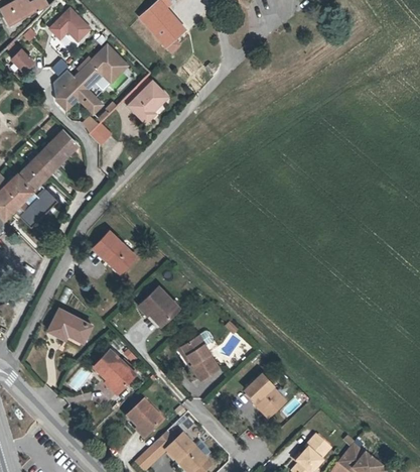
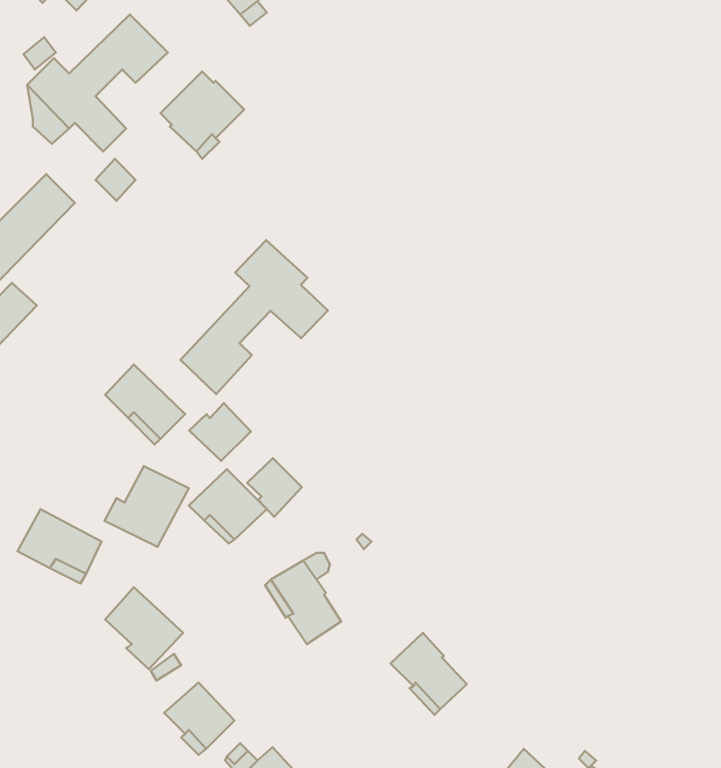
building: none -> [180,240,328,394]
building: none -> [189,403,251,461]
building: none -> [247,458,302,517]
building: none -> [105,466,189,547]

